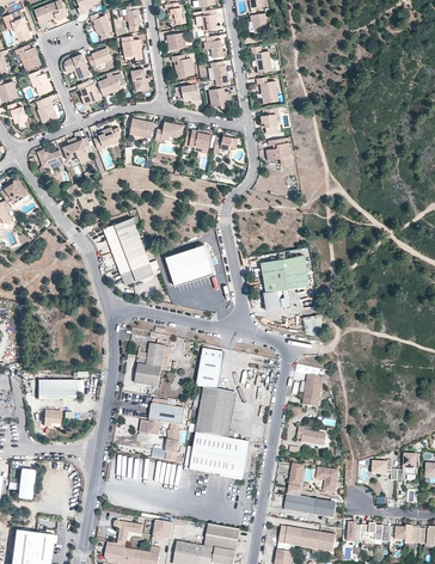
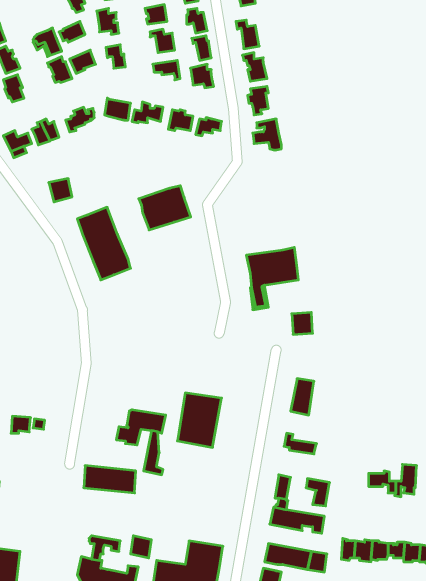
building: [166,244,214,284] -> [139,186,191,230]
building: [136,345,164,386] -> none
building: [197,350,226,391] -> none
building: [39,379,76,398] -> none
building: [191,433,250,478] -> none

